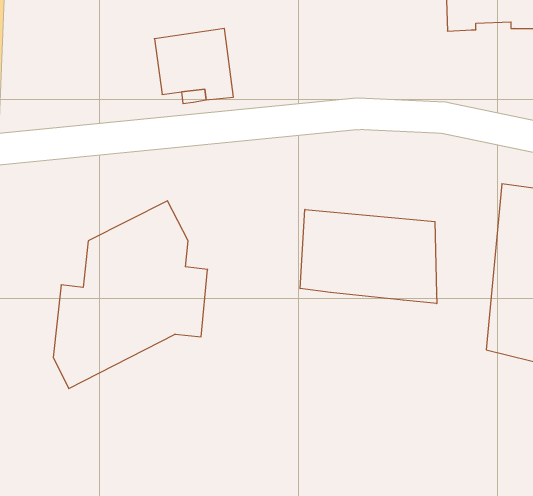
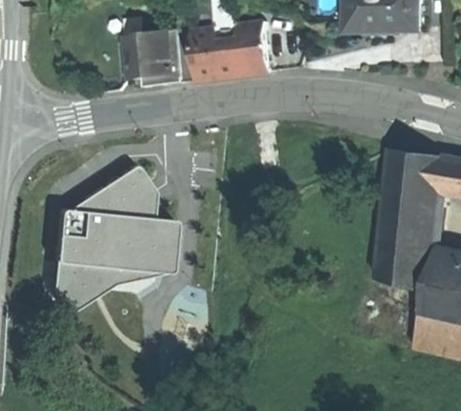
building: none -> [177,16,272,85]
building: [300,209,437,304] -> none

